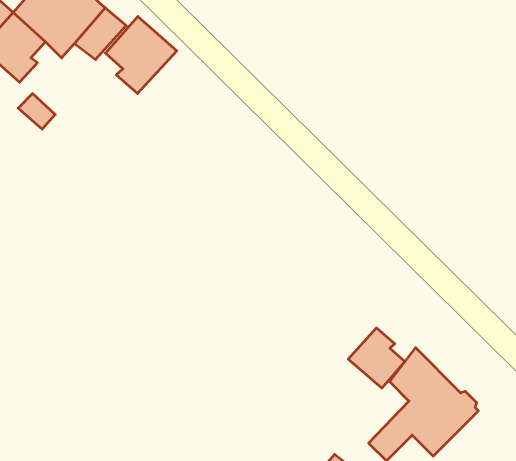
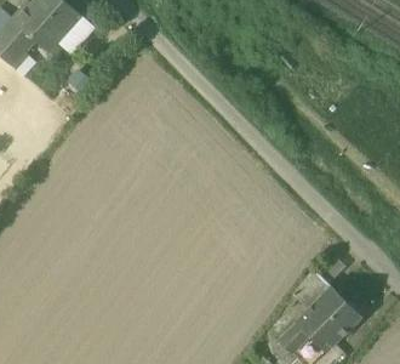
building: [105,16,177,94] -> none
building: [348,328,405,388] -> none

